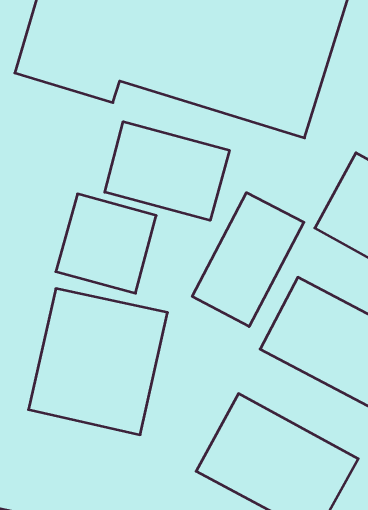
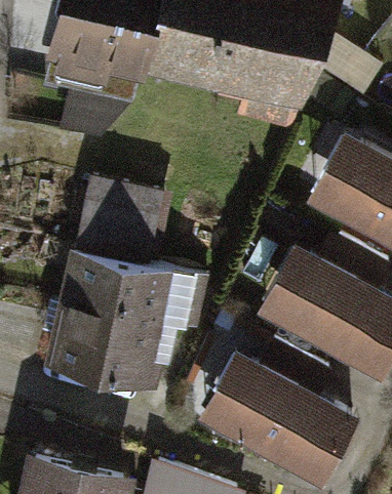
building: [105,122,229,220] -> none
building: [192,193,304,327] -> none

